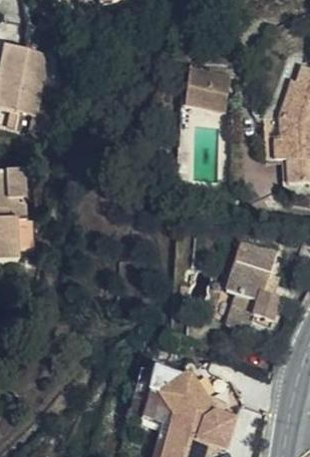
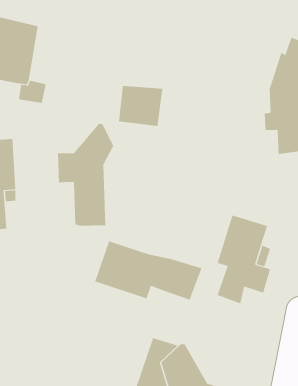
building: [186,70,231,111] -> [118,85,163,127]
building: none -> [58,123,114,227]
building: none -> [94,241,202,301]

